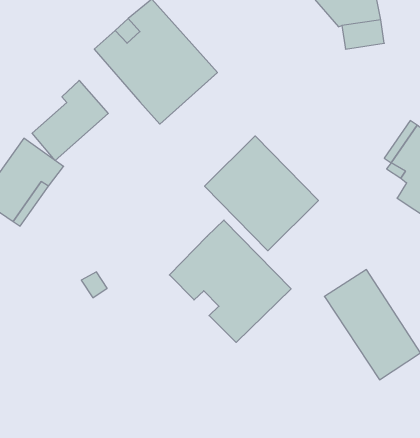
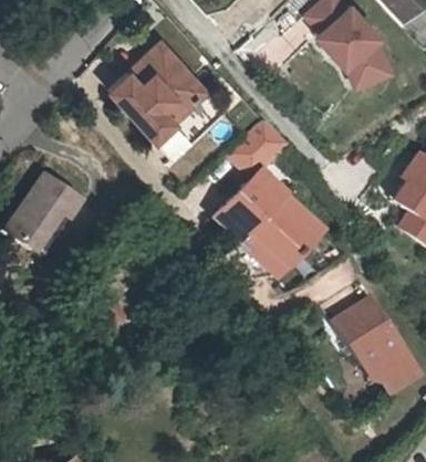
building: [32,80,108,160] -> none
building: none -> [230,118,288,176]
building: [169,220,291,342] -> none

